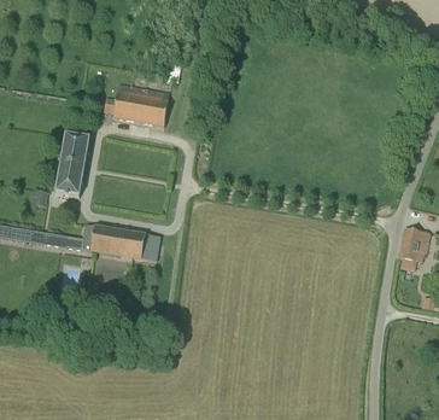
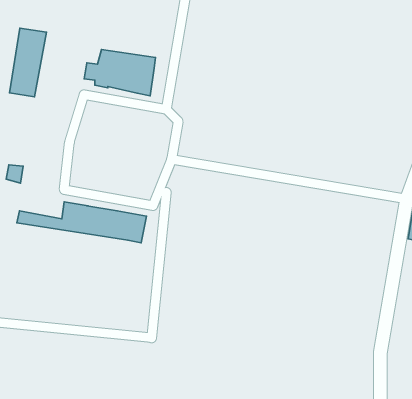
building: [54,135,88,198] -> [9,28,46,97]

